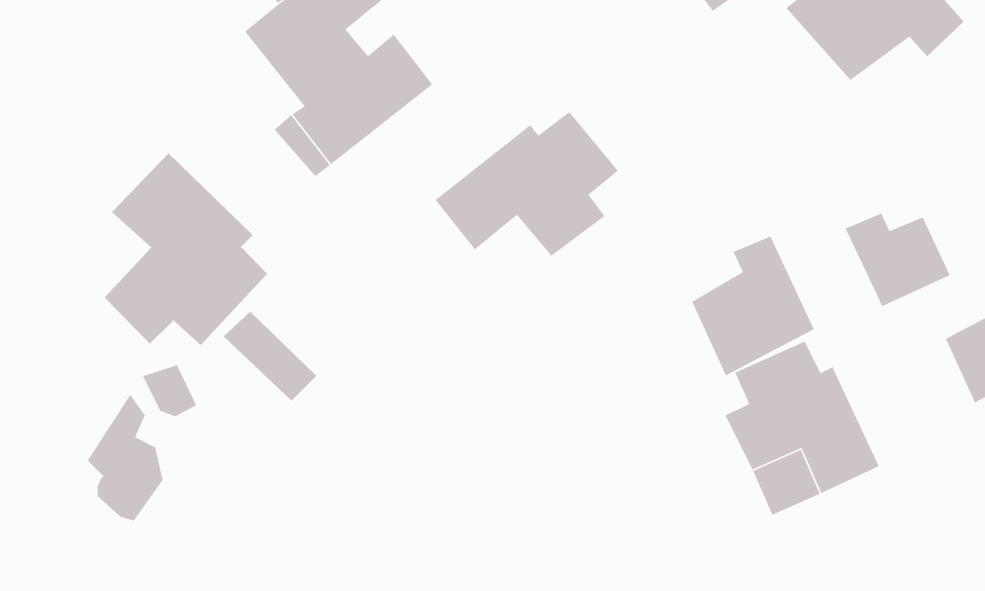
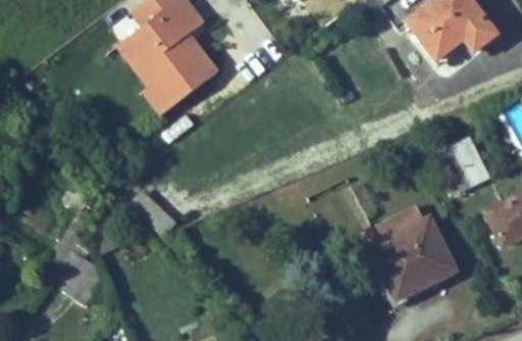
building: [435,111,619,257] -> none
building: [104,153,268,346] -> none
building: [691,235,815,377] -> none

